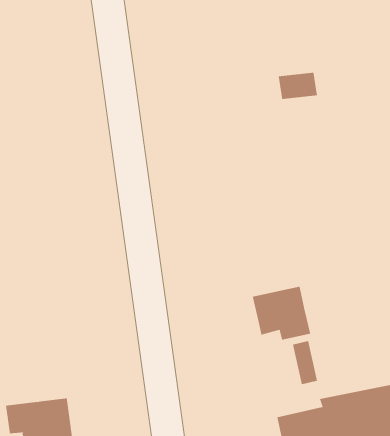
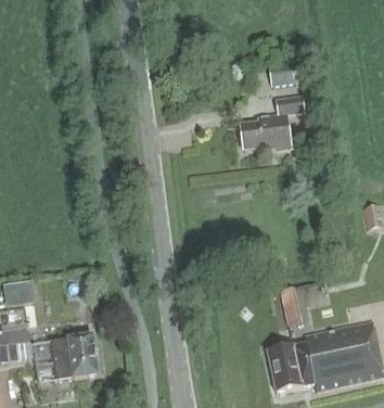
building: none -> [240,95,303,151]
building: [252,286,311,341] -> none

